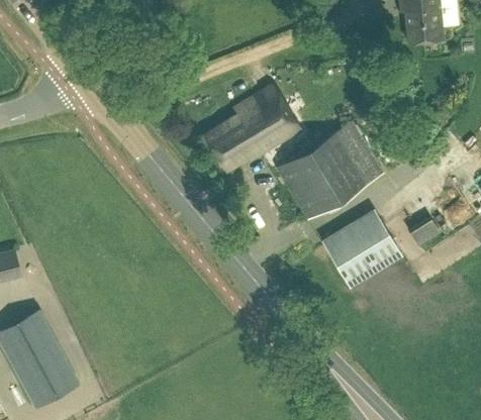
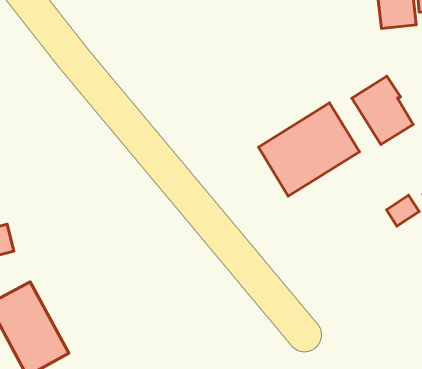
building: [204,86,300,171] -> none
building: none -> [352,76,413,145]
building: [322,210,402,288] -> none

